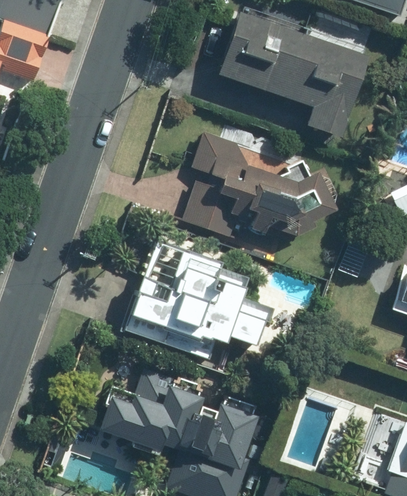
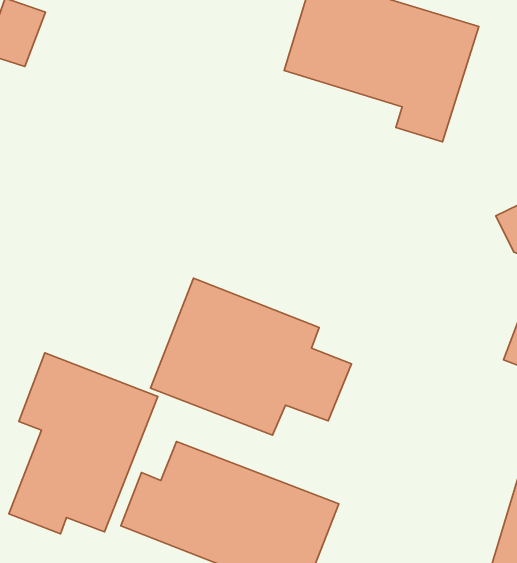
building: [187,146,334,235] -> none
building: none -> [9,353,158,534]

